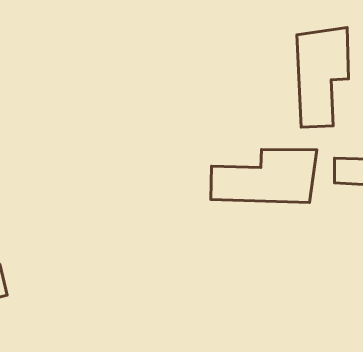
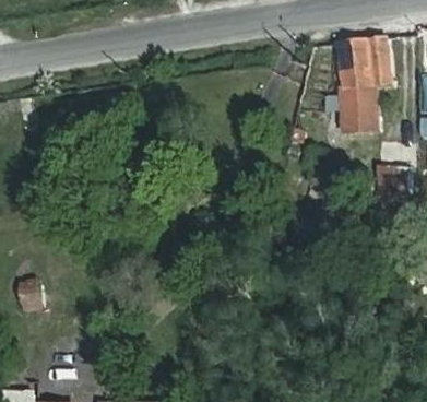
building: [211,150,317,203] -> none

